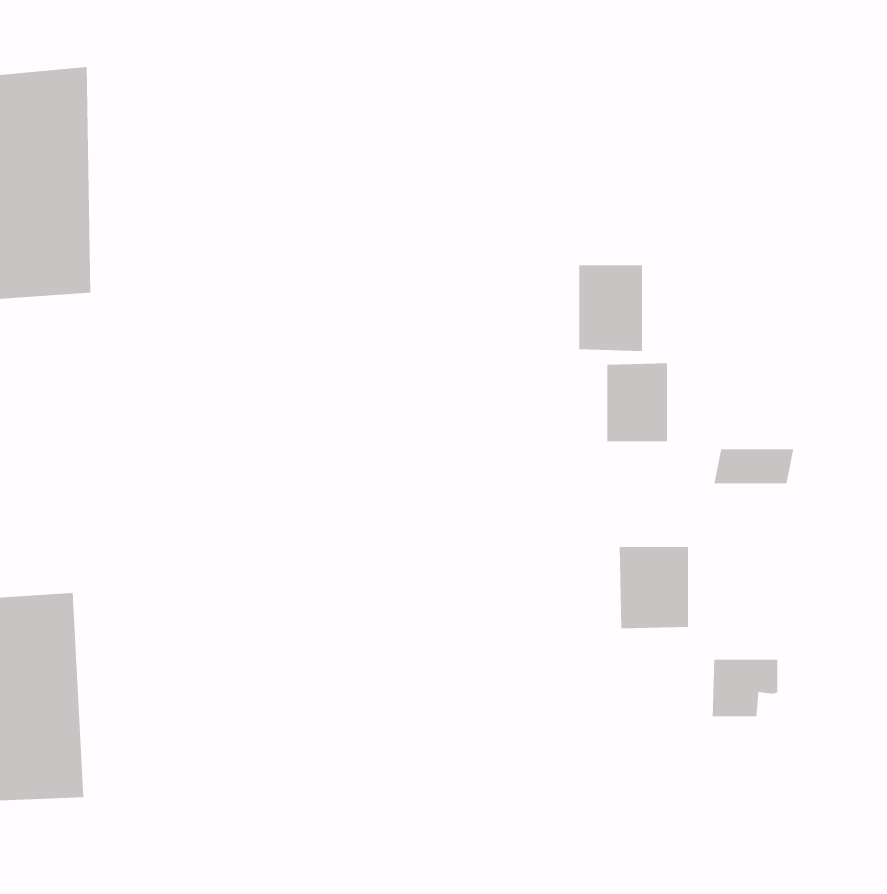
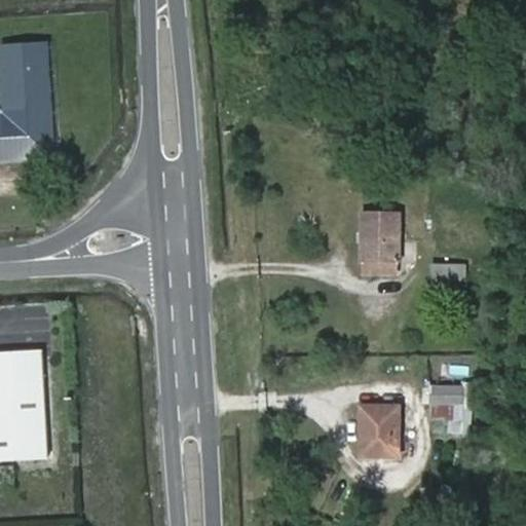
building: [579,265,642,352] -> none
building: [619,547,689,629] -> [355,404,397,452]

